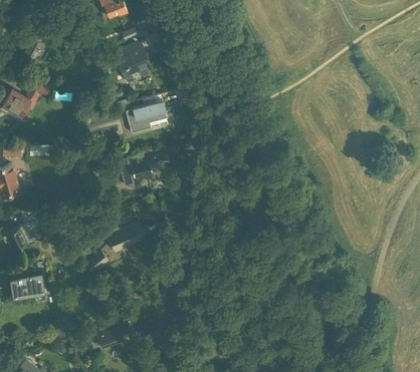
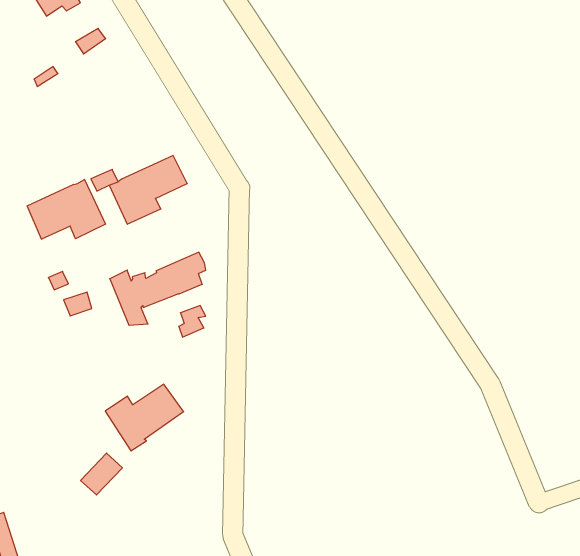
building: [116,43,149,76] -> none
building: none -> [27,179,105,239]

